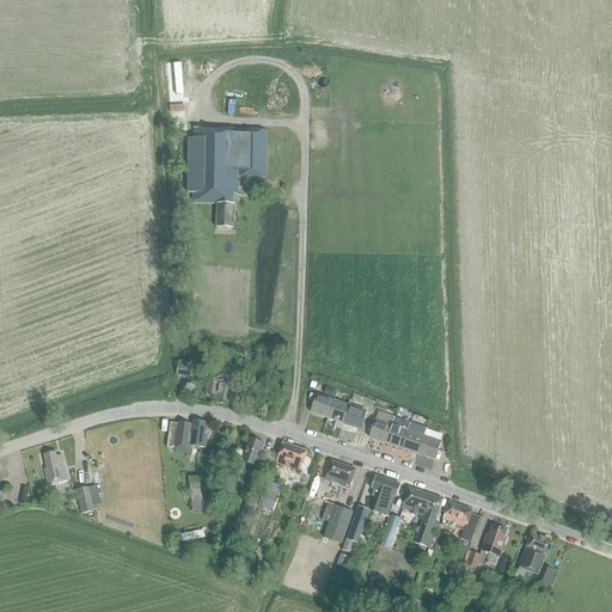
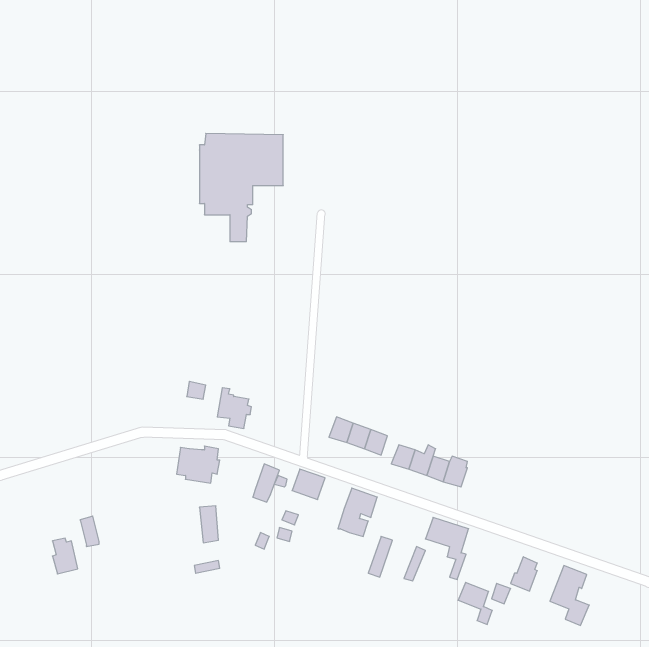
building: [43,451,67,484] -> [52,538,78,574]
building: [372,475,399,515] -> none
building: [442,501,475,540] -> [458,582,492,624]
building: [323,504,351,541] -> none

